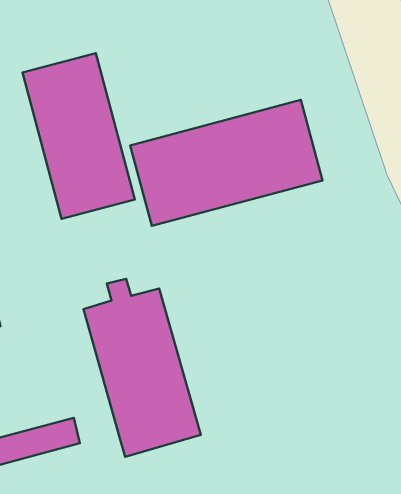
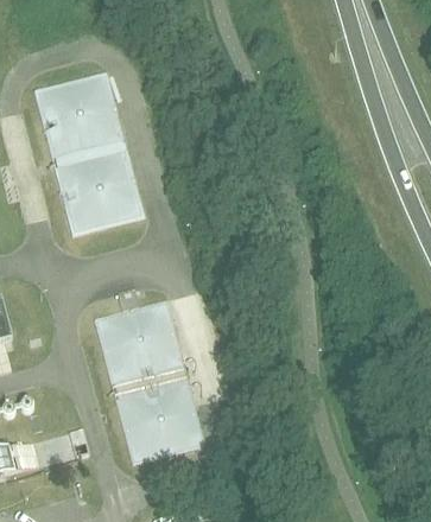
building: [130,100,322,226] -> none

